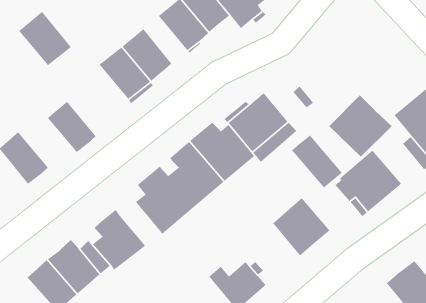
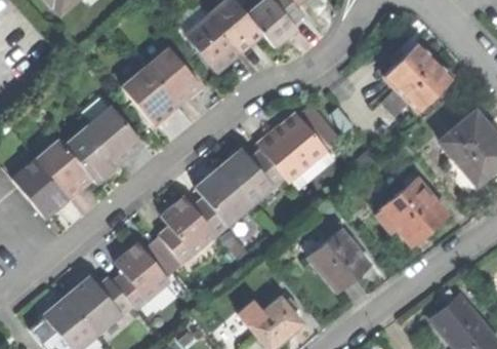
building: [18,11,72,66] -> [87,103,144,162]
building: [328,95,392,158] -> [382,43,451,111]
building: none -> [35,137,93,196]
building: [291,135,343,189] -> none
building: none -> [144,233,188,280]

